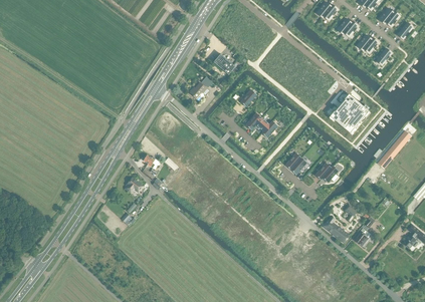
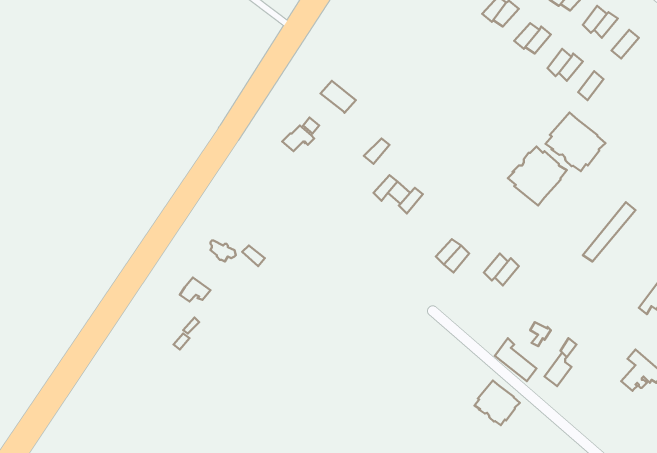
building: none -> [545,113,606,171]
building: none -> [474,381,520,425]

